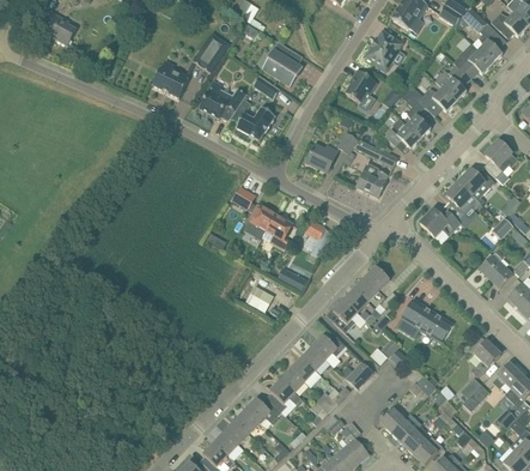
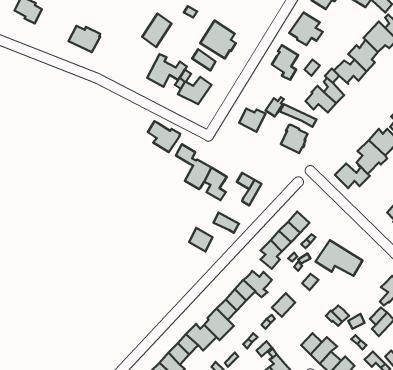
building: [151,66,188,97] -> [68,26,100,52]
building: none -> [148,121,180,152]

